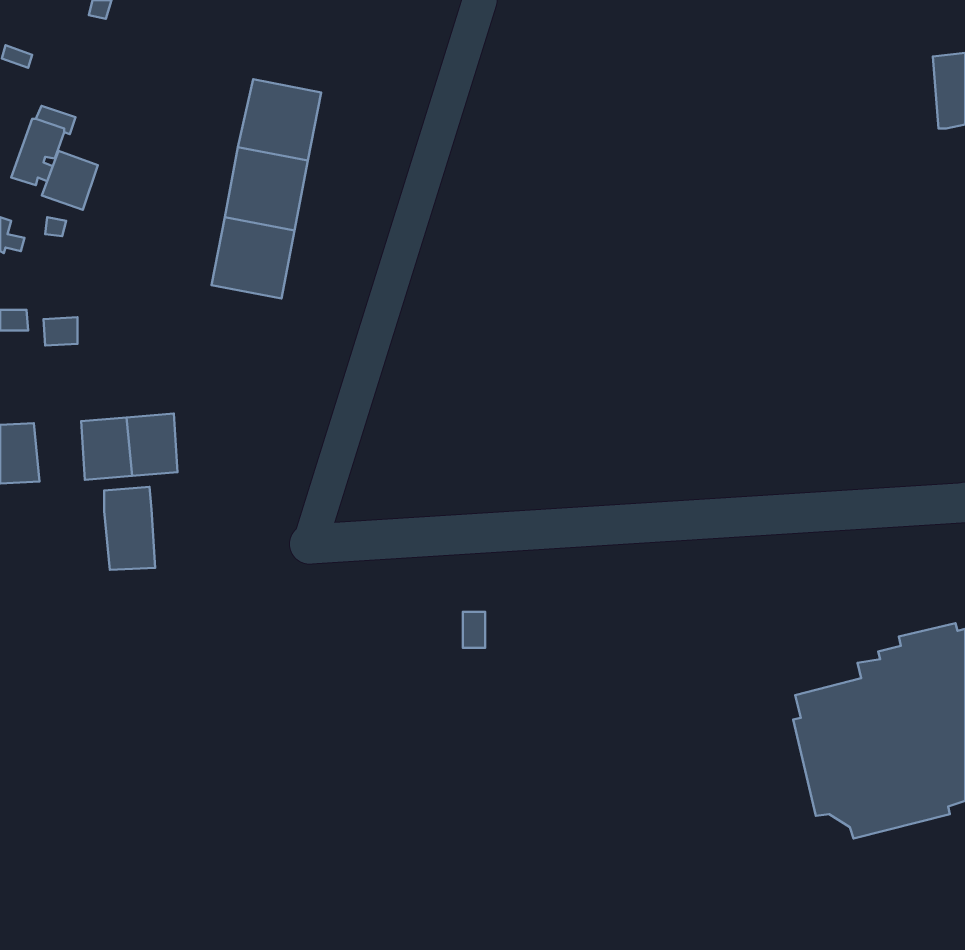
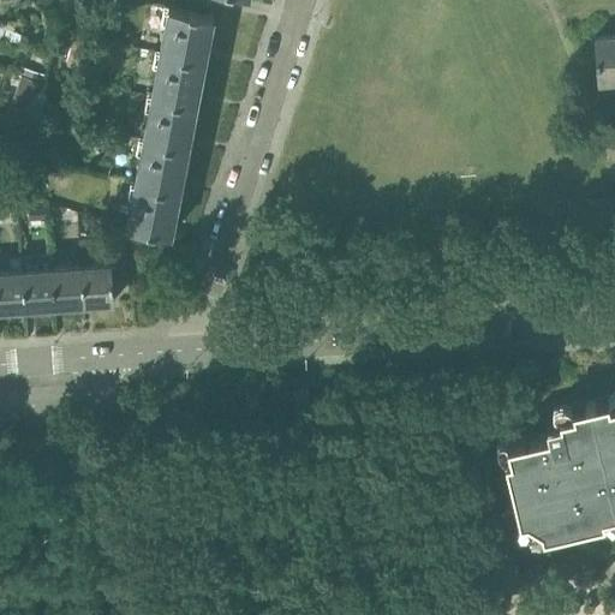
building: none -> [161,16,213,68]
building: [42,151,98,210] -> none
building: none -> [126,191,179,244]
building: [104,487,155,570] -> [22,263,54,316]

